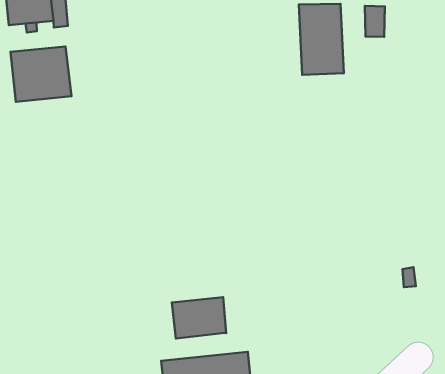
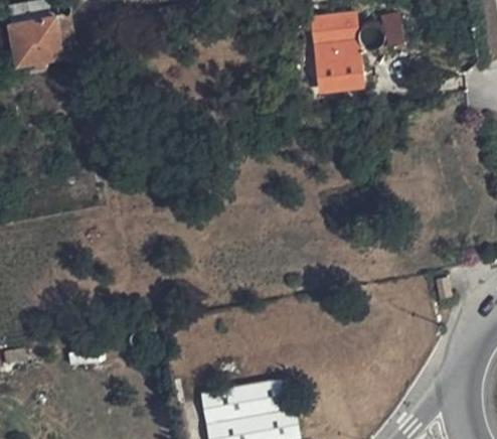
building: [11,46,71,102] -> none
building: [172,297,226,338] -> none

